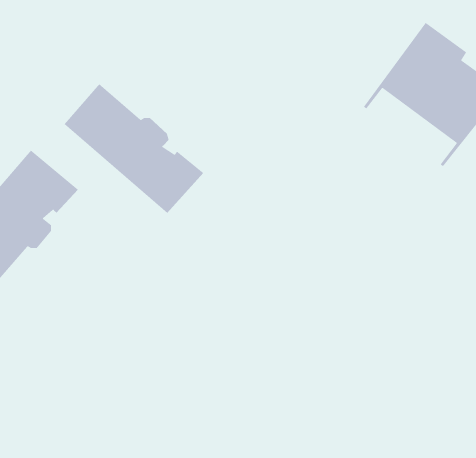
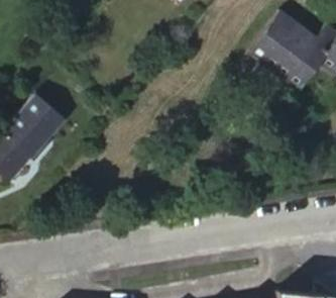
building: [64,83,204,214] -> none

